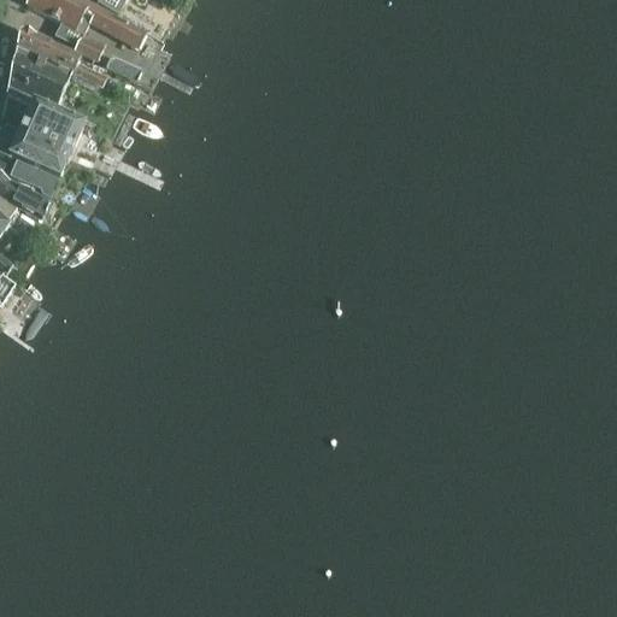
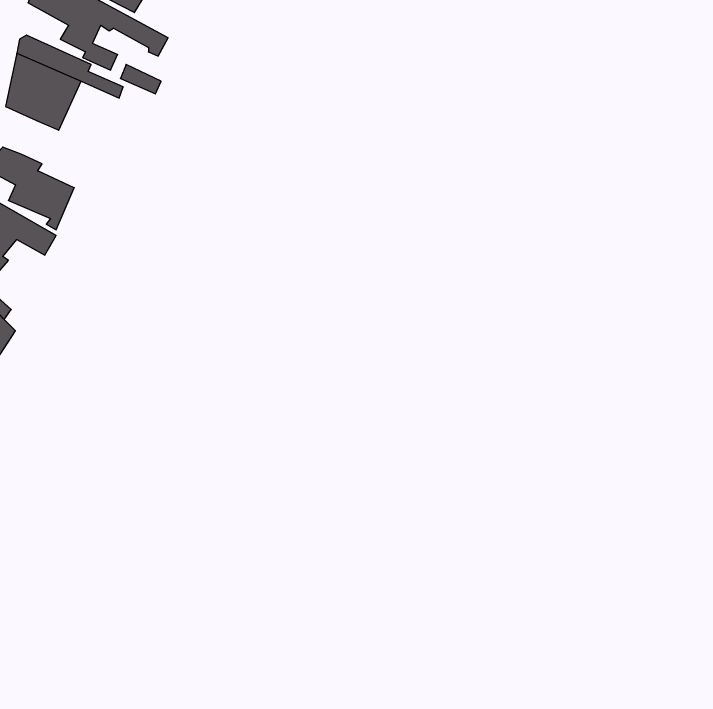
building: [18,104,81,161] -> none

